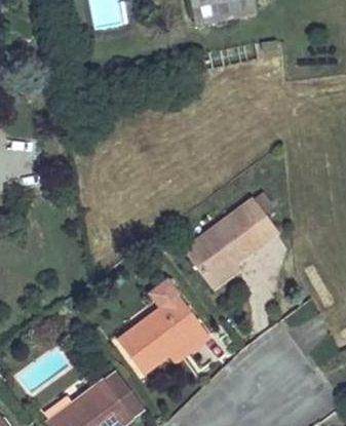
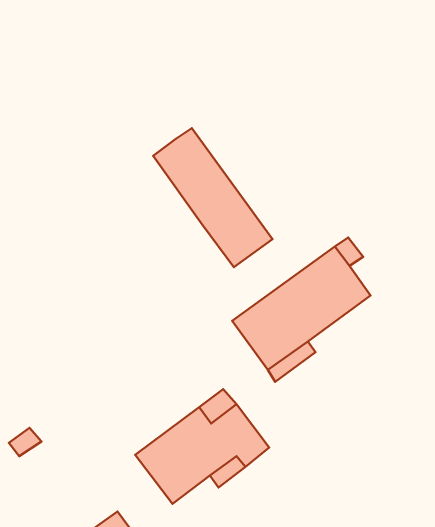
building: none -> [153,128,272,267]

